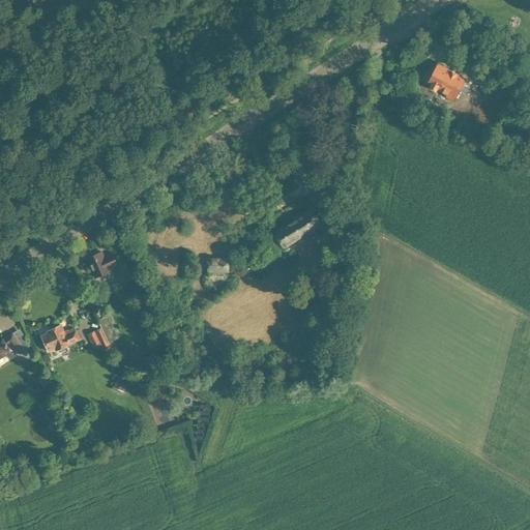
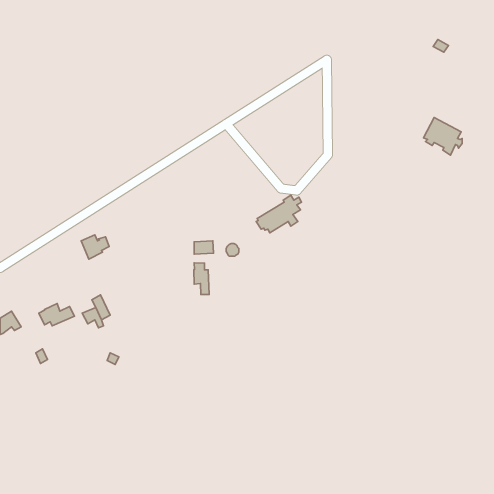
building: [426,63,468,104] -> [424,117,462,155]
building: none -> [194,263,209,295]

